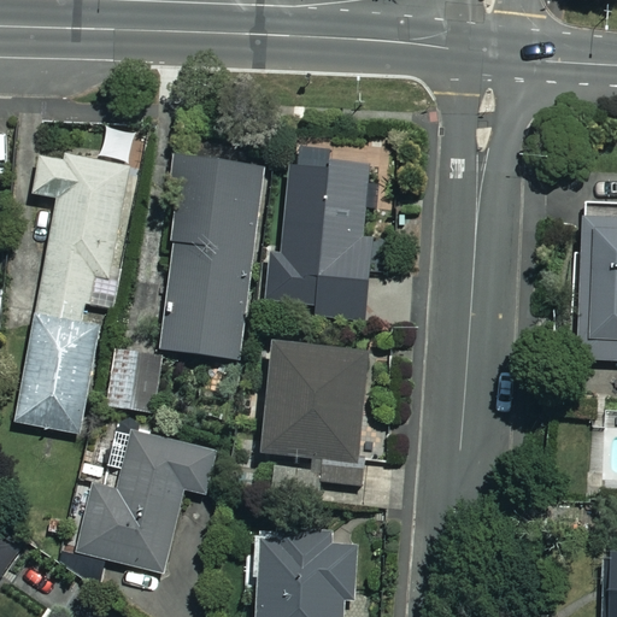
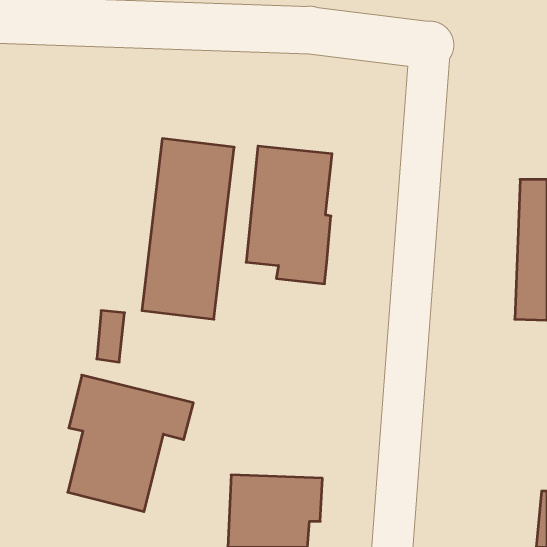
building: [14,127,140,435] -> none
building: [264,340,368,483] -> none

